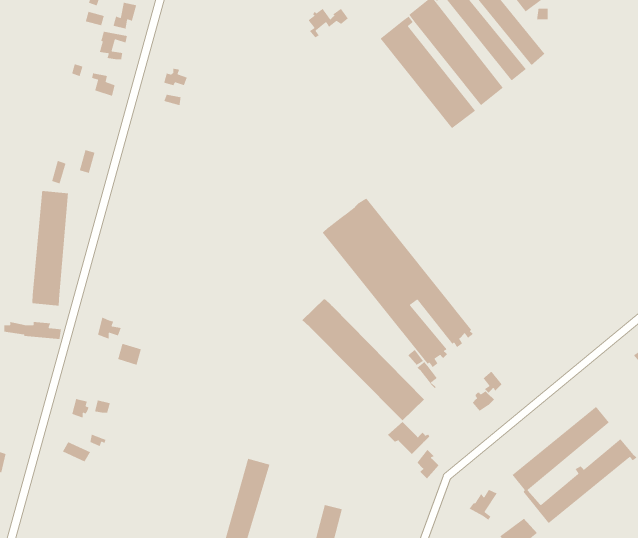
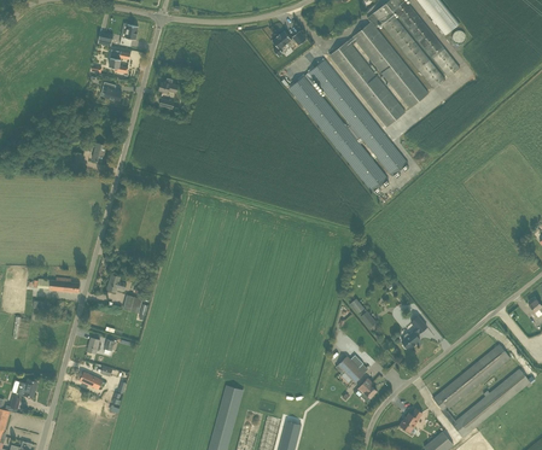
building: [31,190,69,306] -> none
building: [322,198,474,368] -> [290,59,409,193]
building: [302,298,425,421] -> none

